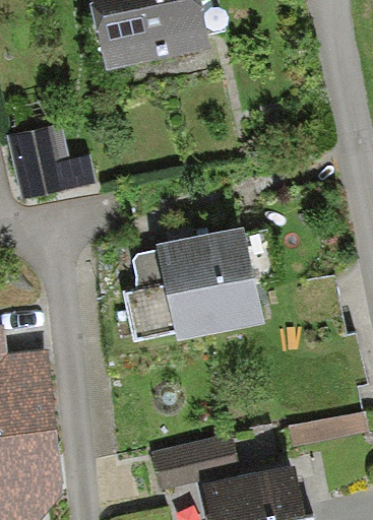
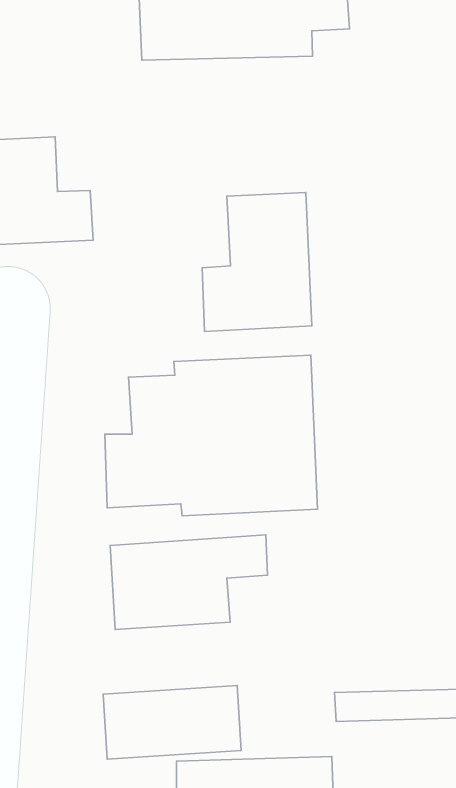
building: none -> [202,192,312,331]
building: none -> [110,535,268,630]

